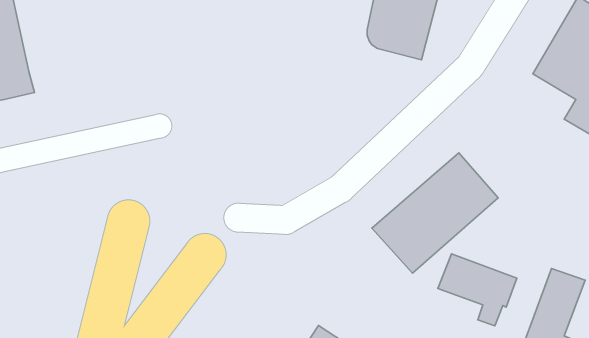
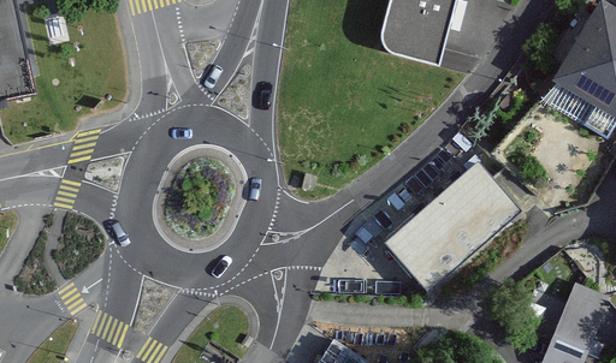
building: [438,254,517,326] -> none

